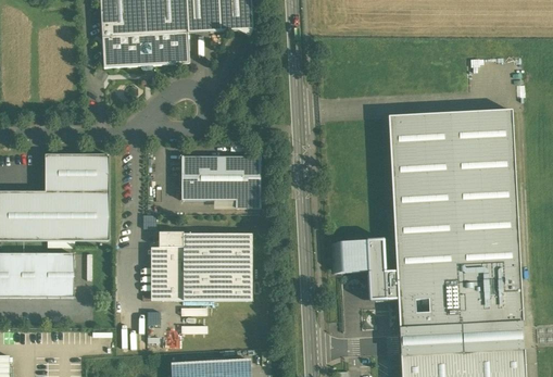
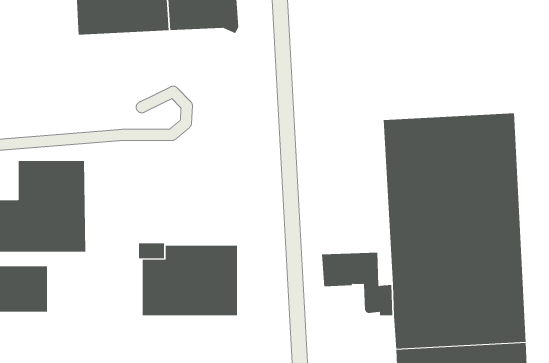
building: [101,32,188,66] -> none
building: [180,155,260,208] -> none

